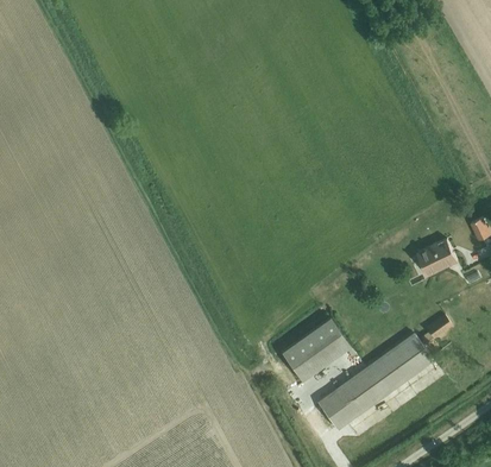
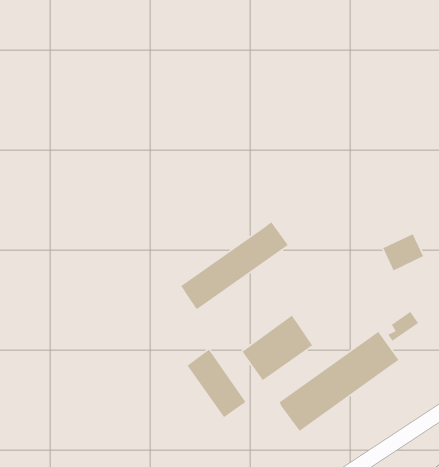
building: none -> [180,221,289,310]
building: none -> [186,348,246,418]

